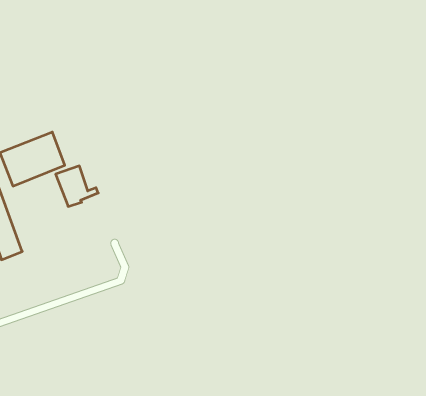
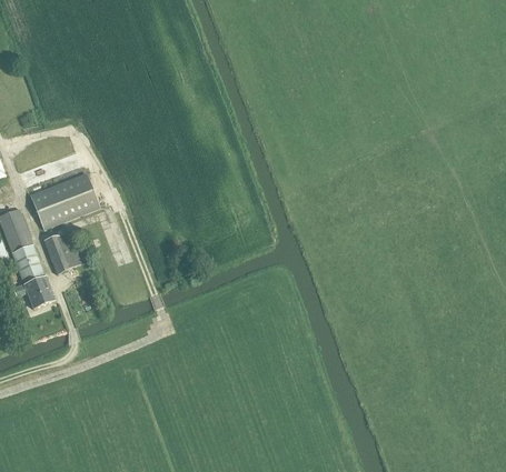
building: [56,166,98,206] -> [43,230,89,273]

